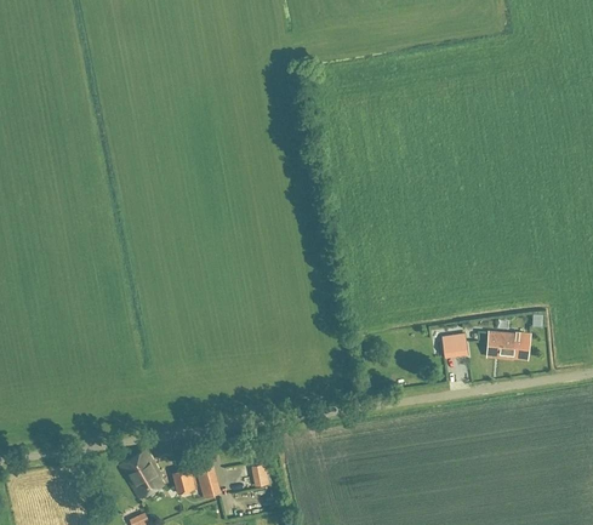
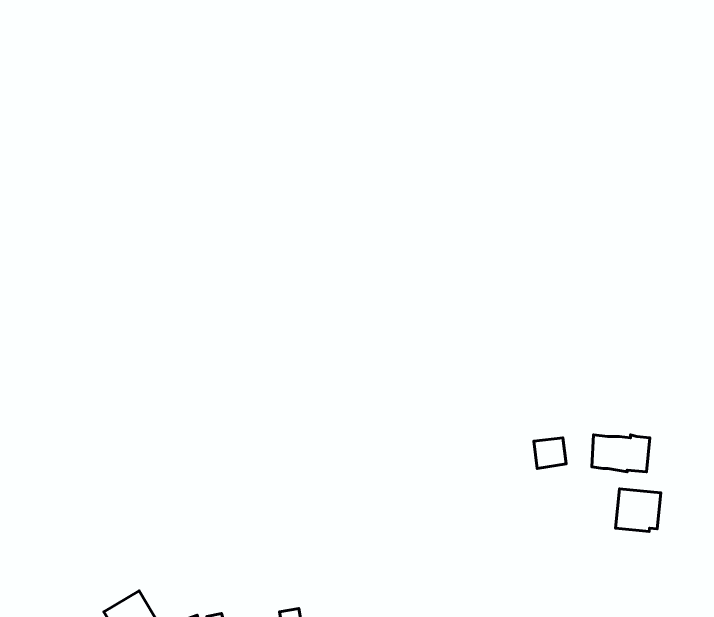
building: none -> [616,489,661,532]

